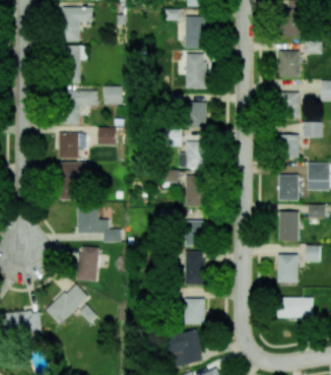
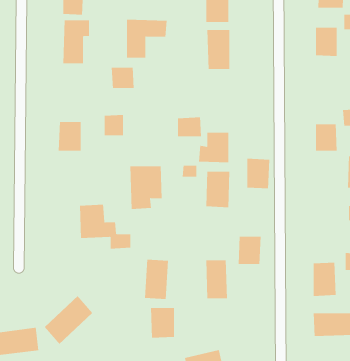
building: [62,90,97,124] -> [126,19,167,58]
building: [278,92,299,118] -> none
building: [185,103,207,128] -> none
building: [60,163,88,200] -> [130,166,163,209]
building: [278,175,299,201] -> [246,158,270,189]
building: [279,212,299,242] -> none
building: [184,222,204,246] -> [238,236,261,264]
building: [77,247,98,282] -> [144,259,169,299]
building: [183,299,204,325] -> [150,308,175,338]

